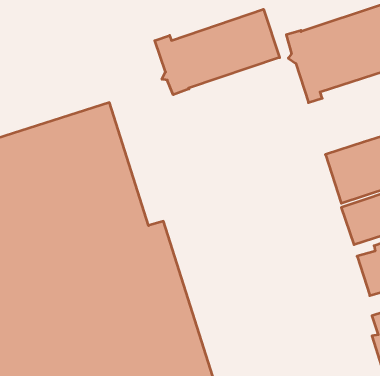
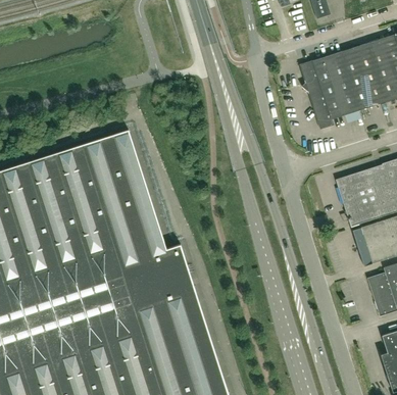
building: [155,9,280,95] -> none

